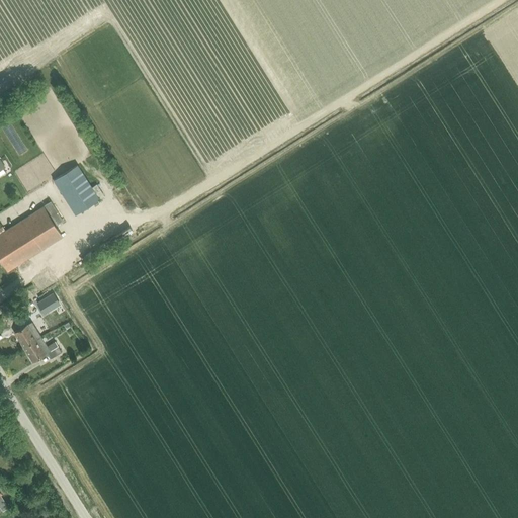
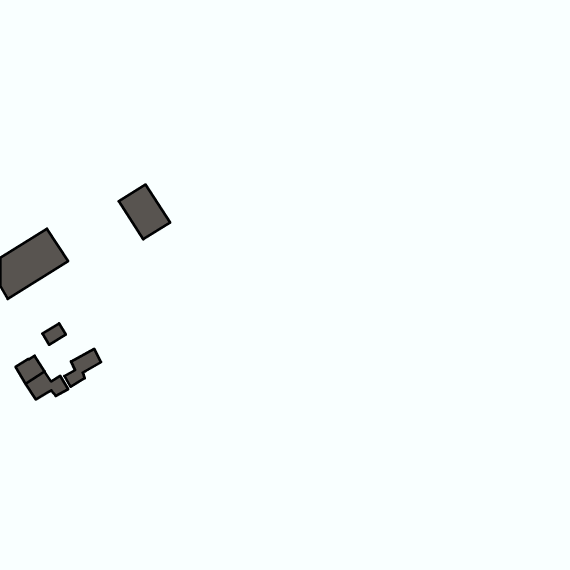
building: [53,165,99,214] -> [119,185,170,239]
building: none -> [64,349,101,387]

